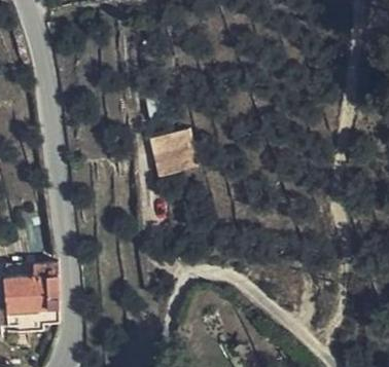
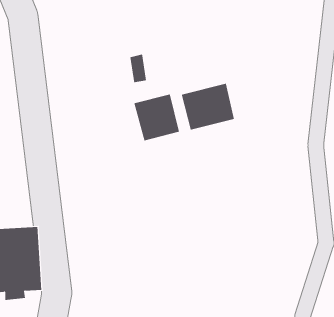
building: none -> [181,83,235,130]

